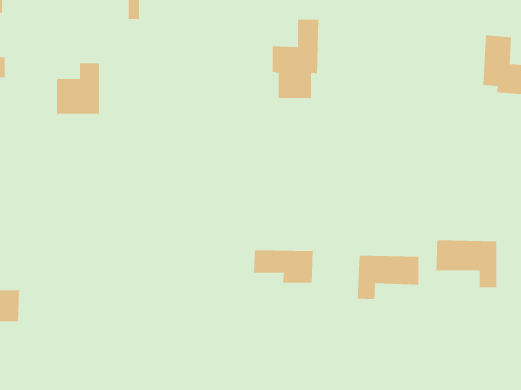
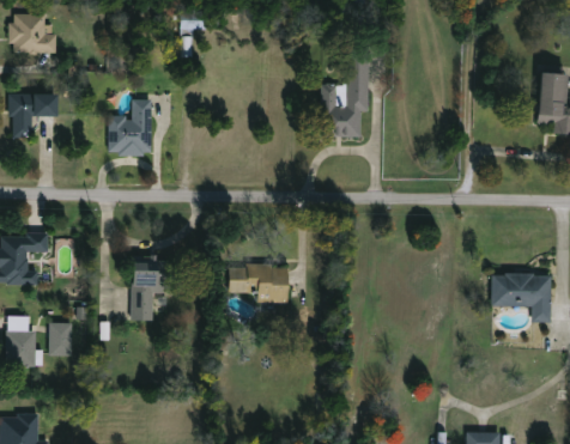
building: none -> [133,262,172,321]
building: [253,249,314,283] -> [229,268,289,302]
building: [357,255,419,300] -> none

